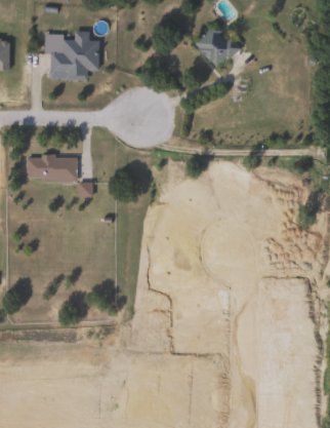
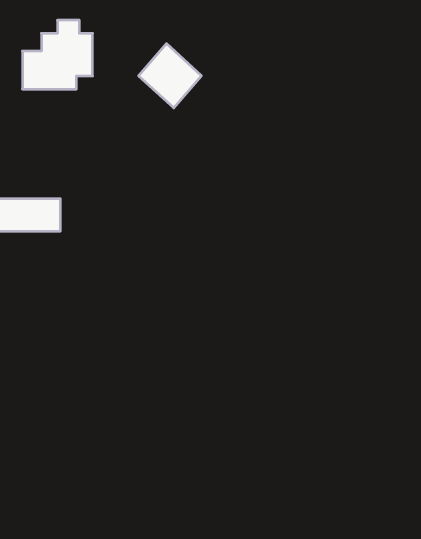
building: [194,23,238,68] -> [139,44,201,108]

